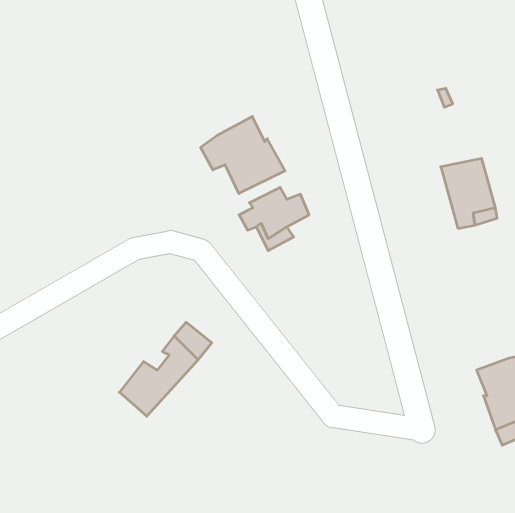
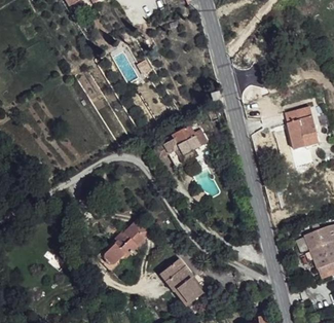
building: [201,116,285,194] -> none
building: none -> [159,258,201,304]

